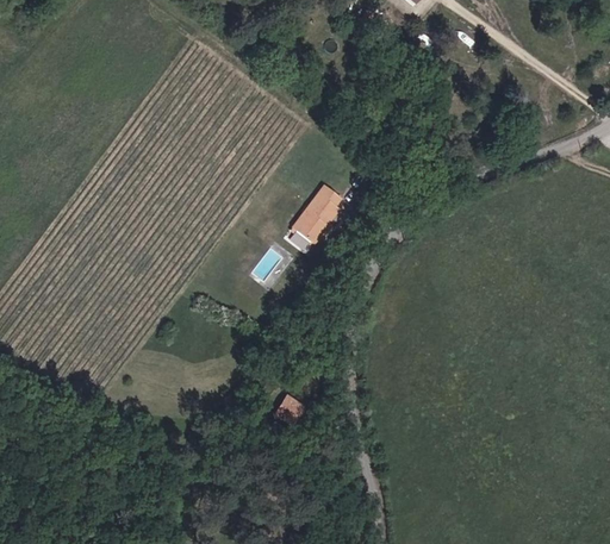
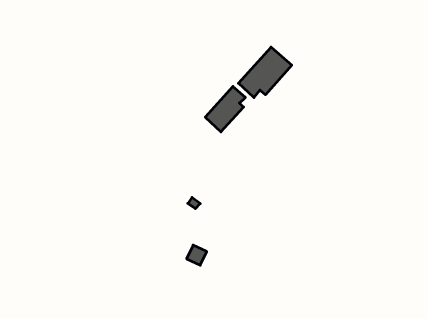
building: none -> [238,47,292,98]

